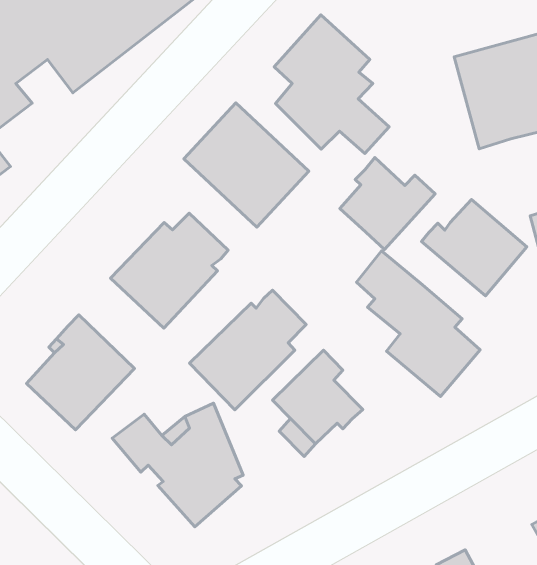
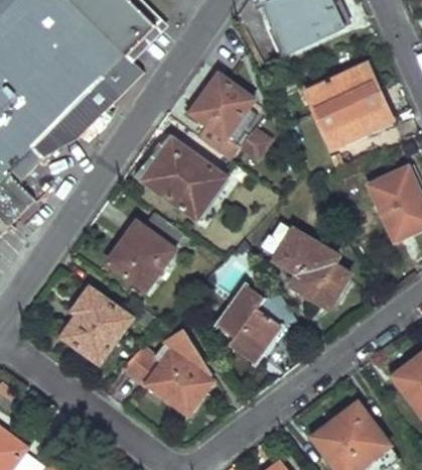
building: [340,158,435,250] -> none
building: [422,199,527,296] -> none
building: [189,290,306,410] -> none

